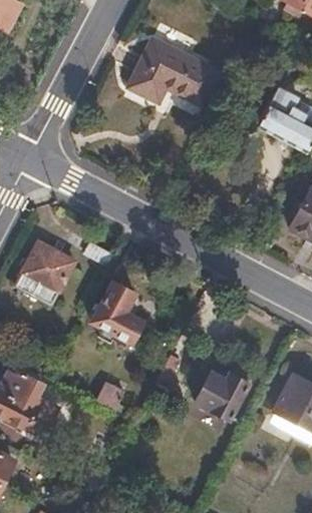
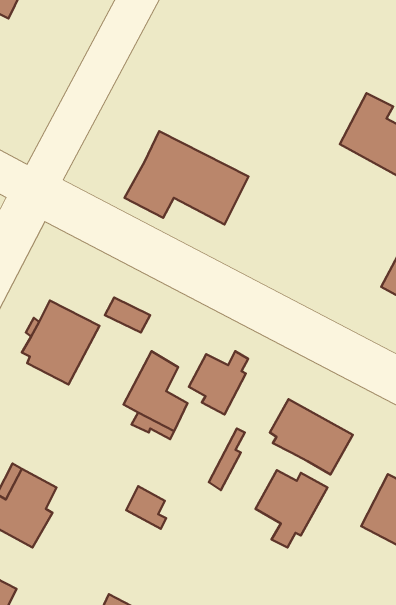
building: [127,37,221,107] -> [124,131,249,225]
building: none -> [189,351,248,414]
building: none -> [270,399,353,474]

